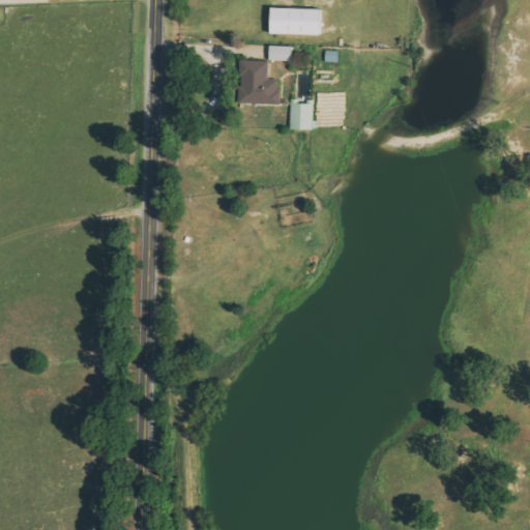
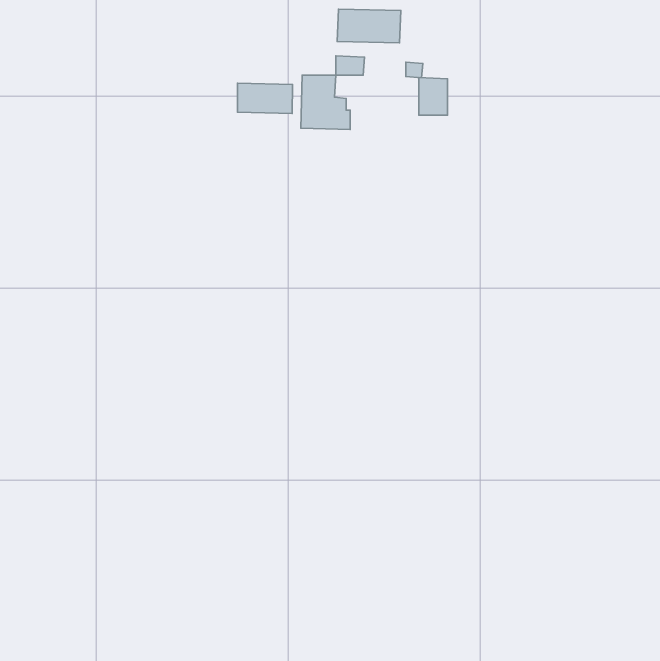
building: none -> [237,83,292,113]
building: [290,98,313,128] -> [419,78,447,115]

